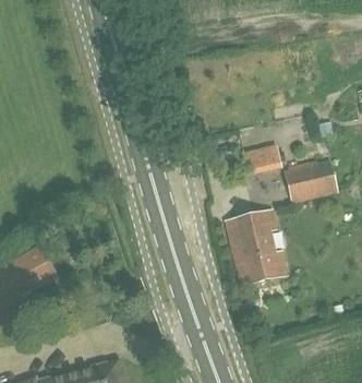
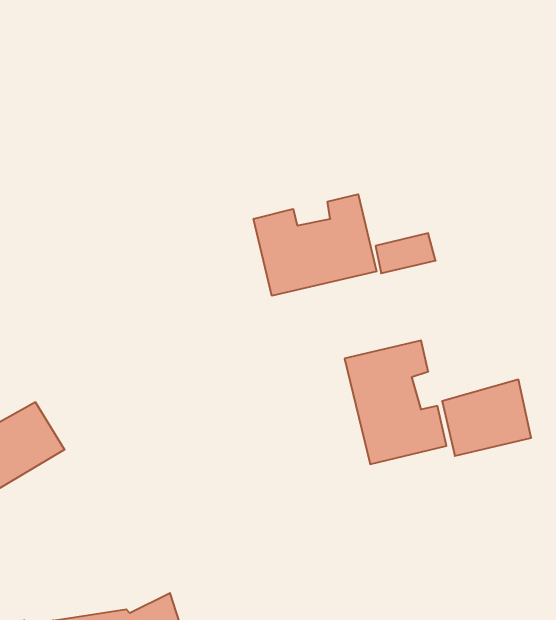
building: none -> [254,194,377,296]
building: [285,157,338,203] -> [442,380,531,456]

